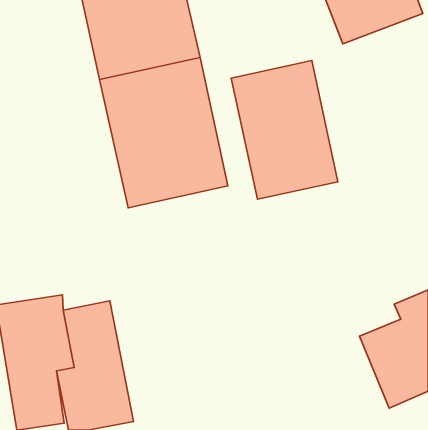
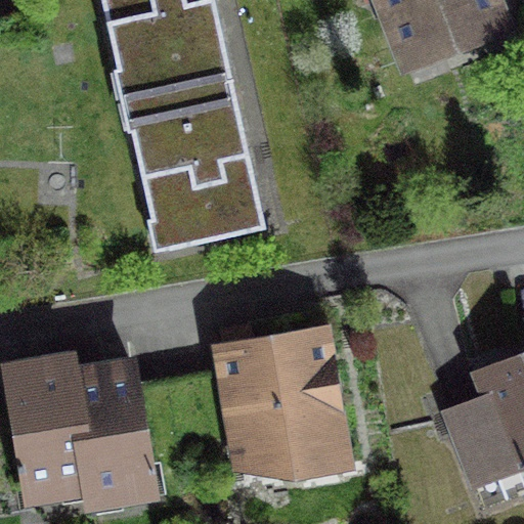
building: [231,60,338,199] -> none
building: none -> [220,322,359,482]

